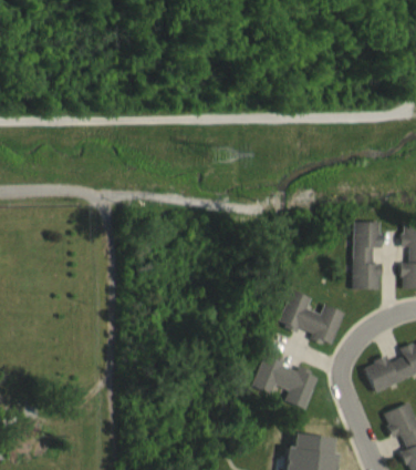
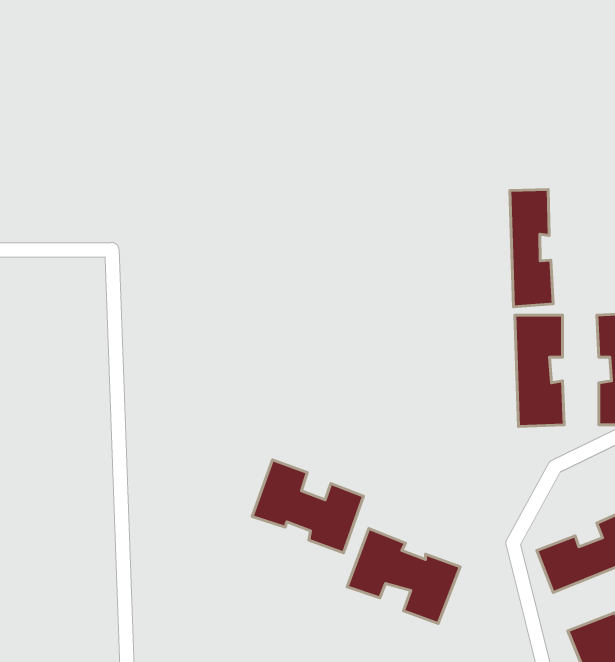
building: none -> [510,189,553,307]
building: [277,290,344,347] -> [252,460,364,553]

